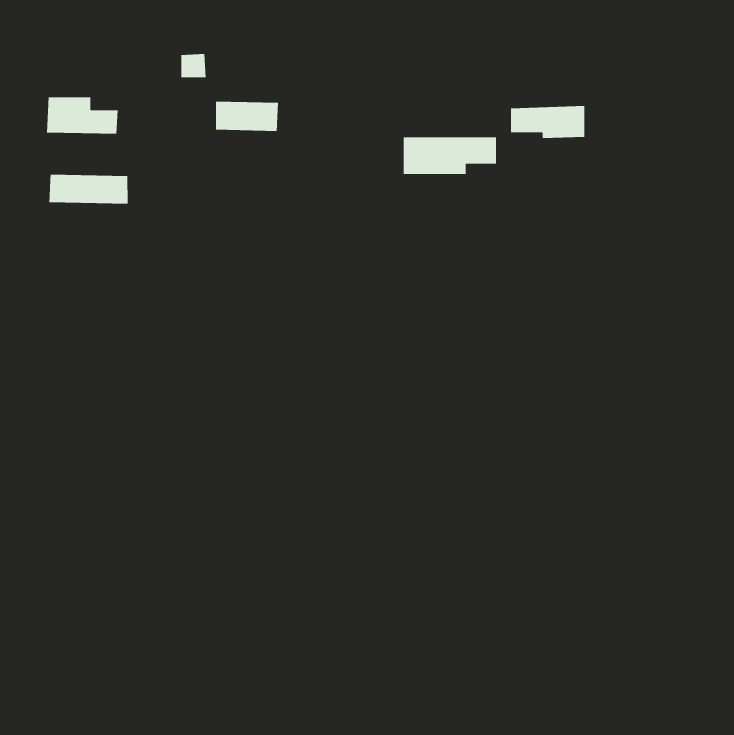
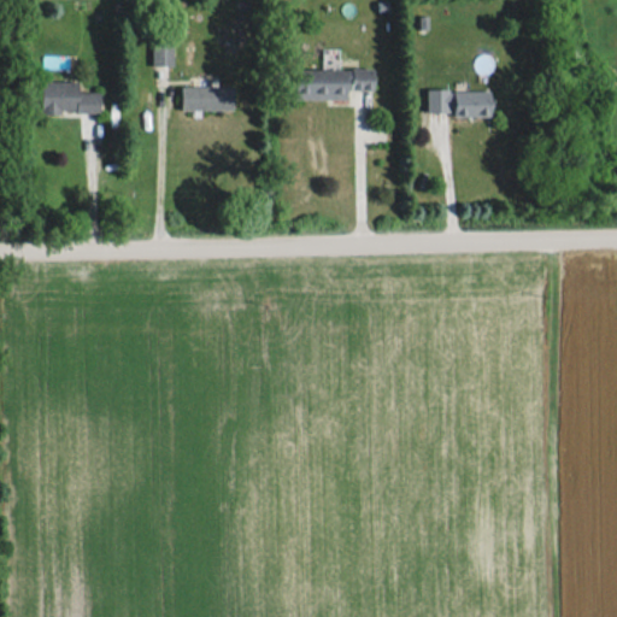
building: [403,137,497,174] -> [296,70,375,101]
building: [49,174,128,204] -> none

